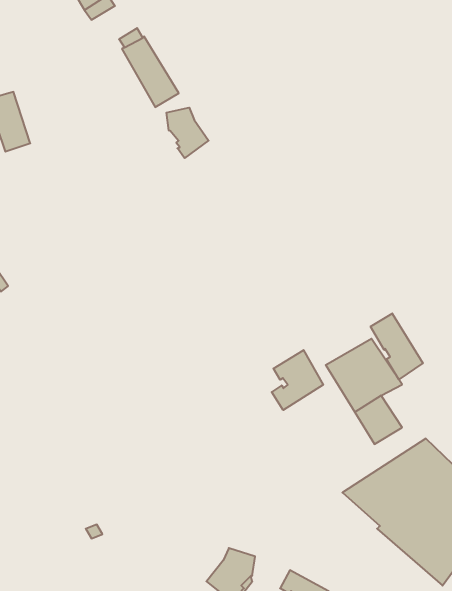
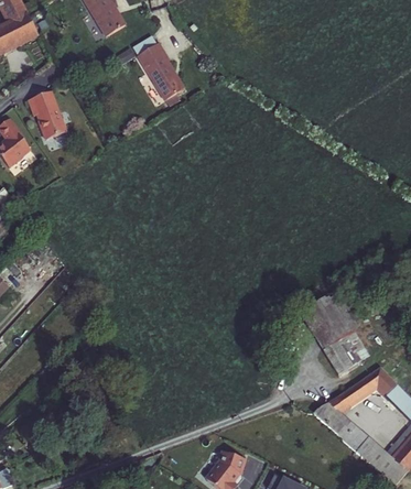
building: [166,108,209,158] -> none
building: [371,313,423,379] -> none
building: [272,350,323,410] -> none

